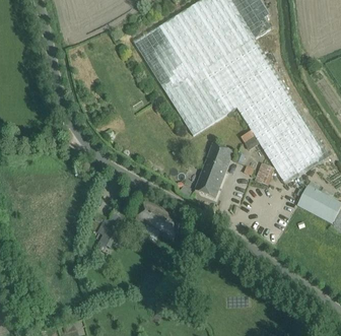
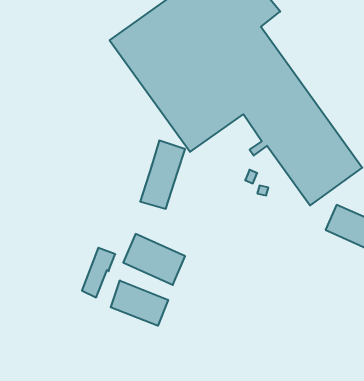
building: [194,142,232,197] -> [140,141,185,209]
building: none -> [111,280,168,326]

